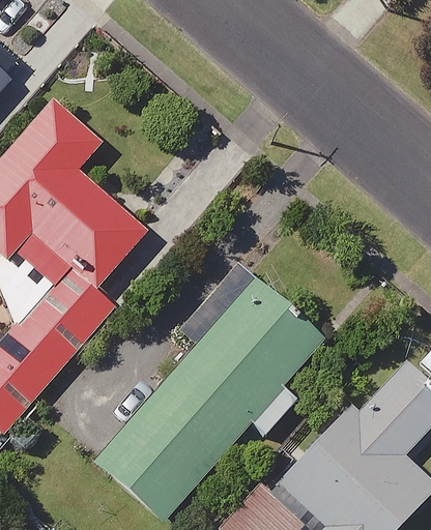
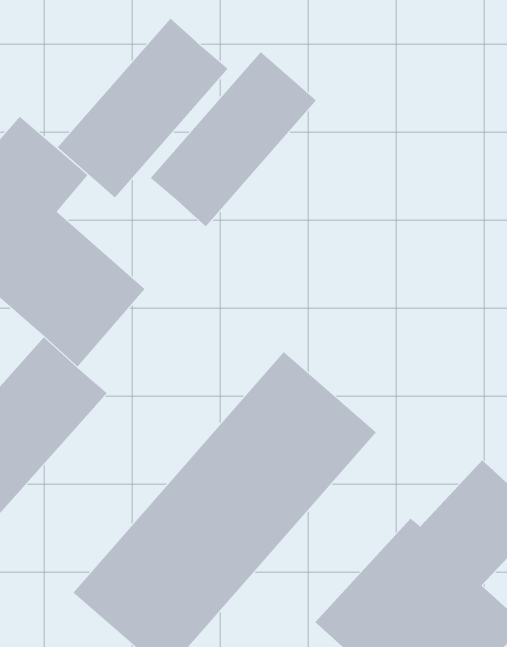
building: none -> [57,18,228,198]
building: none -> [150,51,317,227]

